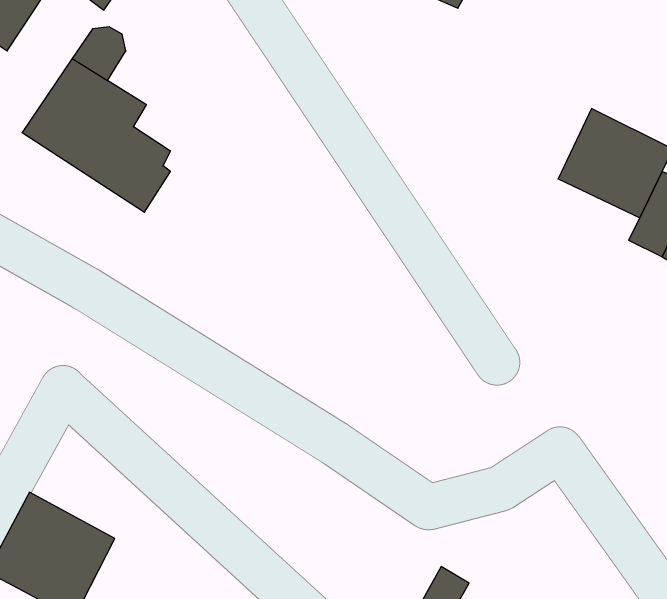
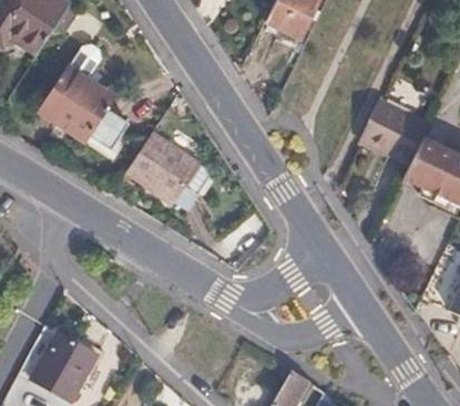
building: none -> [126,132,198,201]

